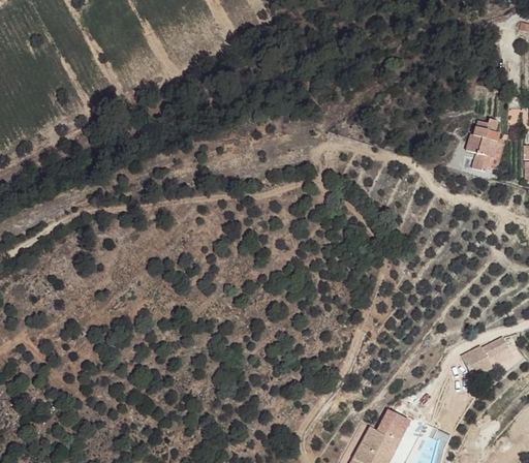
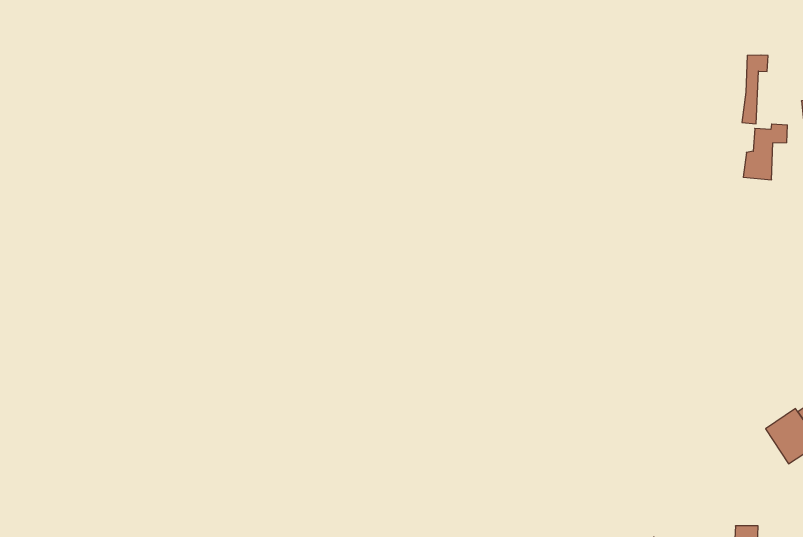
building: [469,120,500,153] -> [743,124,787,180]

